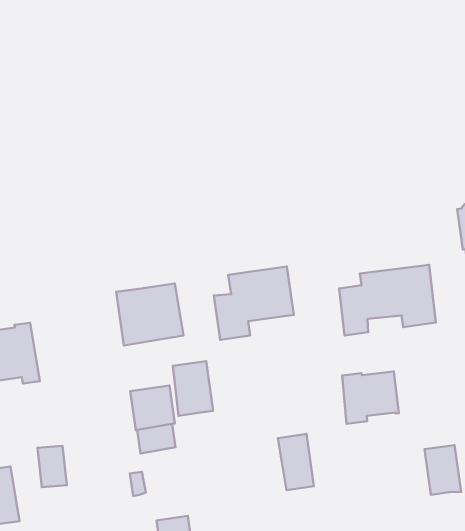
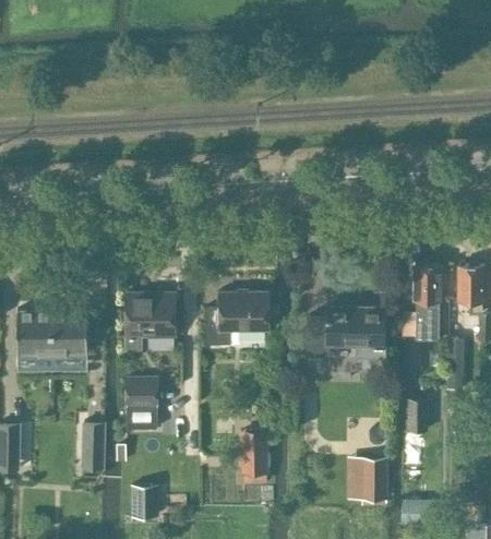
building: none -> [51,311,87,360]
building: [173,361,213,416] -> none
building: [342,371,399,424] -> none
building: [38,446,67,487] -> [82,424,104,458]

